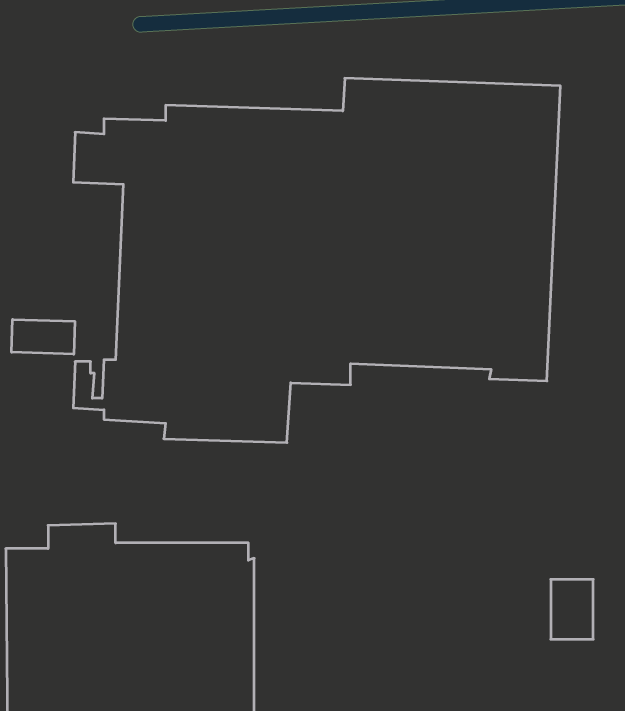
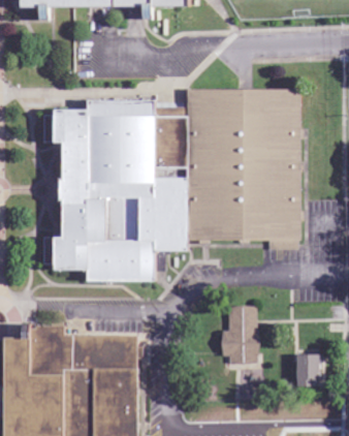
building: [12,319,75,354] -> none
building: none -> [219,307,254,365]

